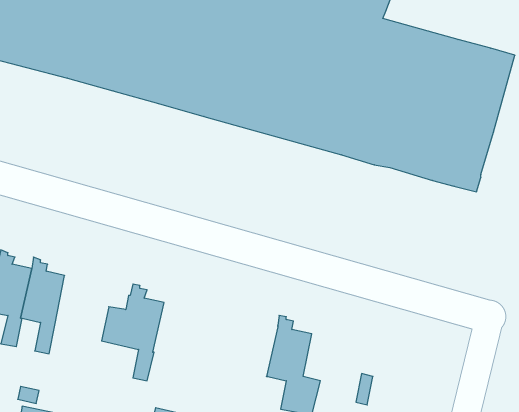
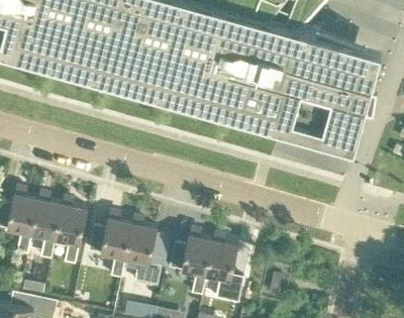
building: none -> [54,201,86,270]
building: none -> [123,220,162,291]
building: none -> [168,232,212,301]

